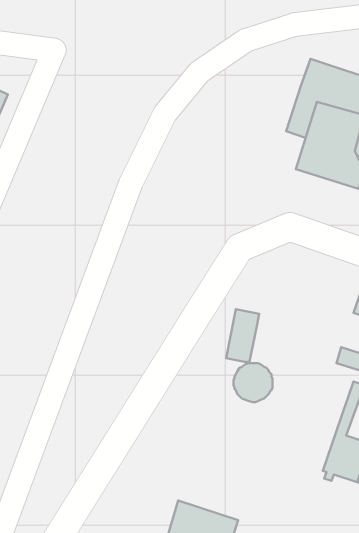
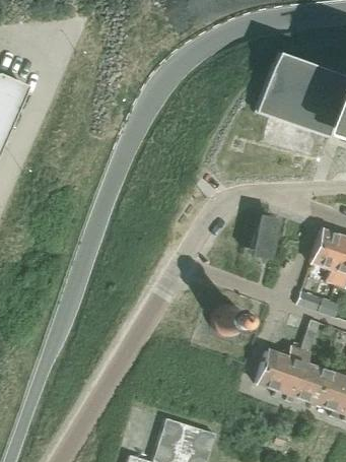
building: [226,309,259,363] -> [253,216,280,261]
building: none -> [258,346,302,398]

